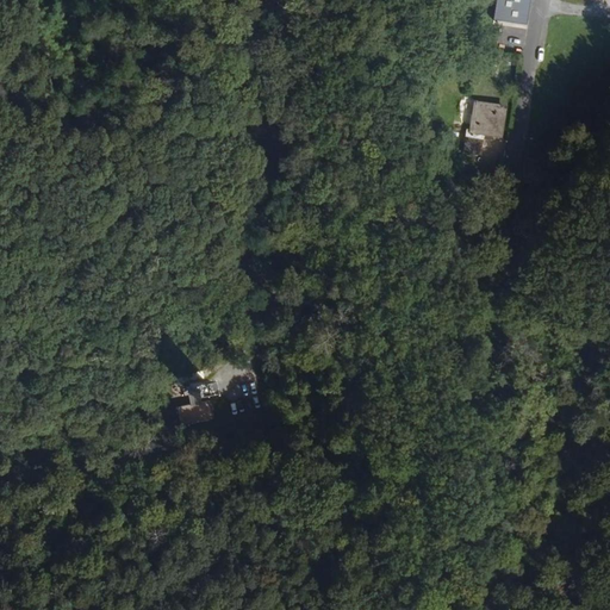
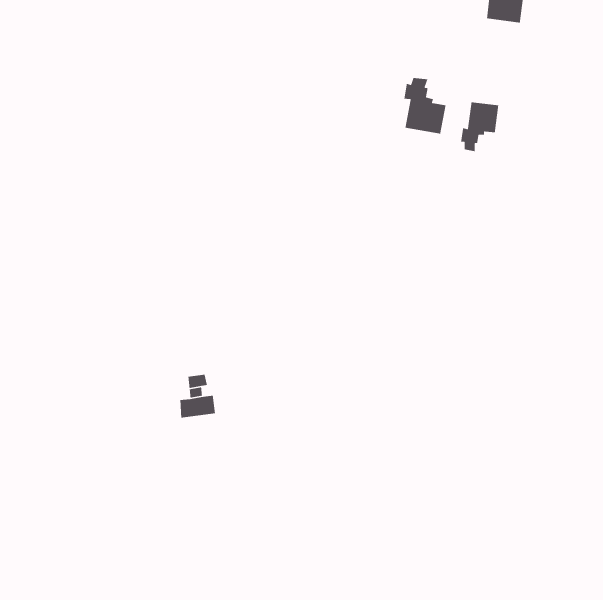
building: none -> [404,77,446,135]

